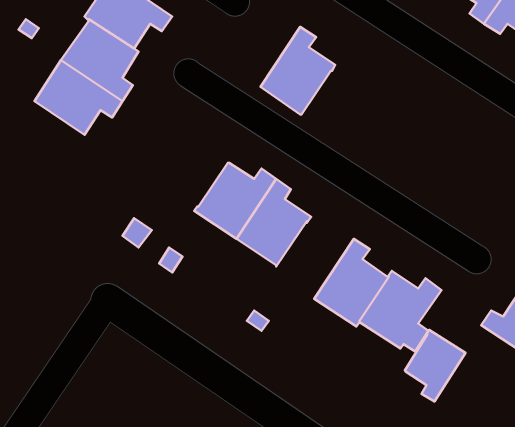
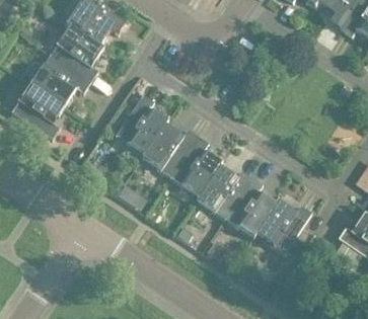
building: [261,27,335,115] -> [115,93,166,154]
building: none -> [10,81,64,138]
building: none -> [195,164,250,218]
building: [405,330,465,402] -> none

